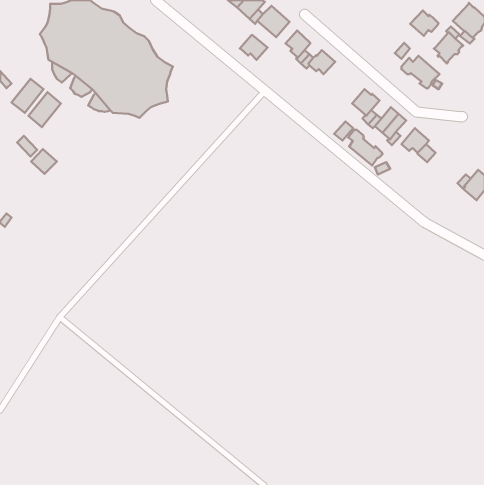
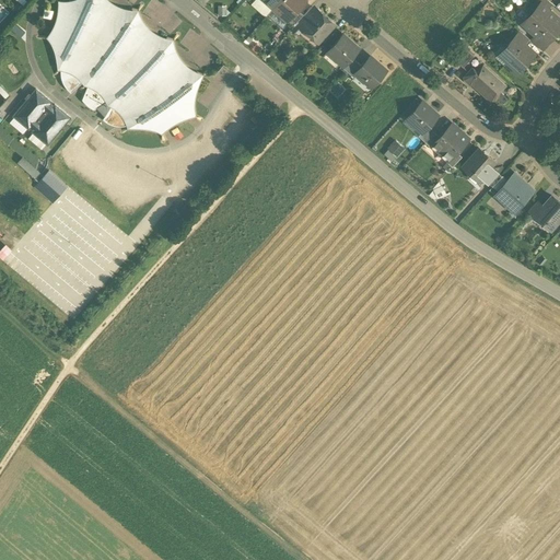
building: [410,11,438,36] -> none
building: [240,35,267,60] -> none
building: [348,130,382,166] -> none
building: none -> [495,174,534,212]

